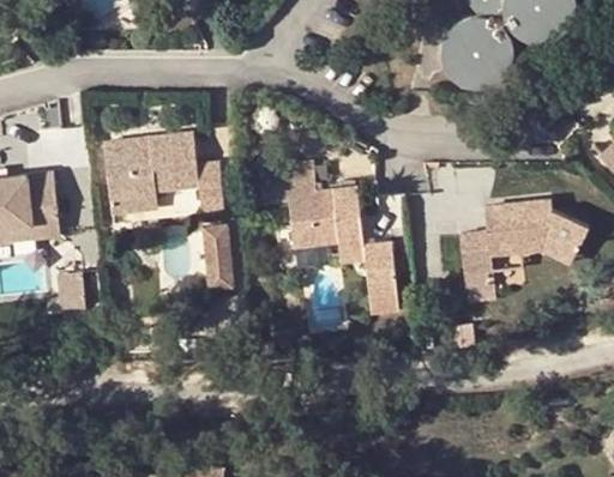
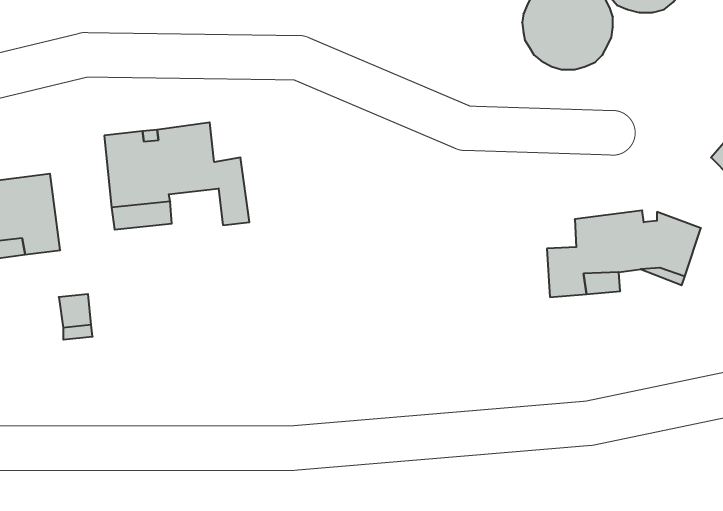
building: [258,152,398,314] -> none
building: [198,225,230,290] -> none

